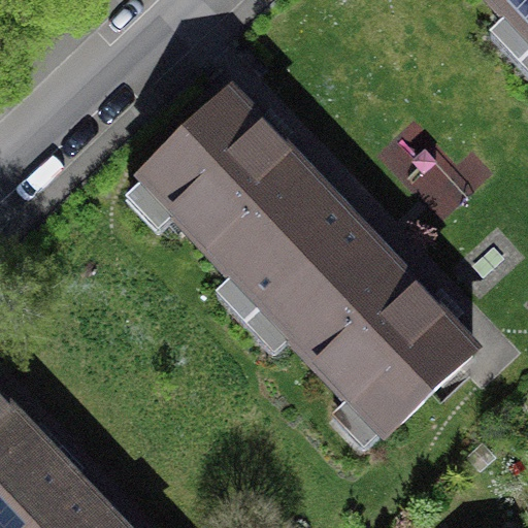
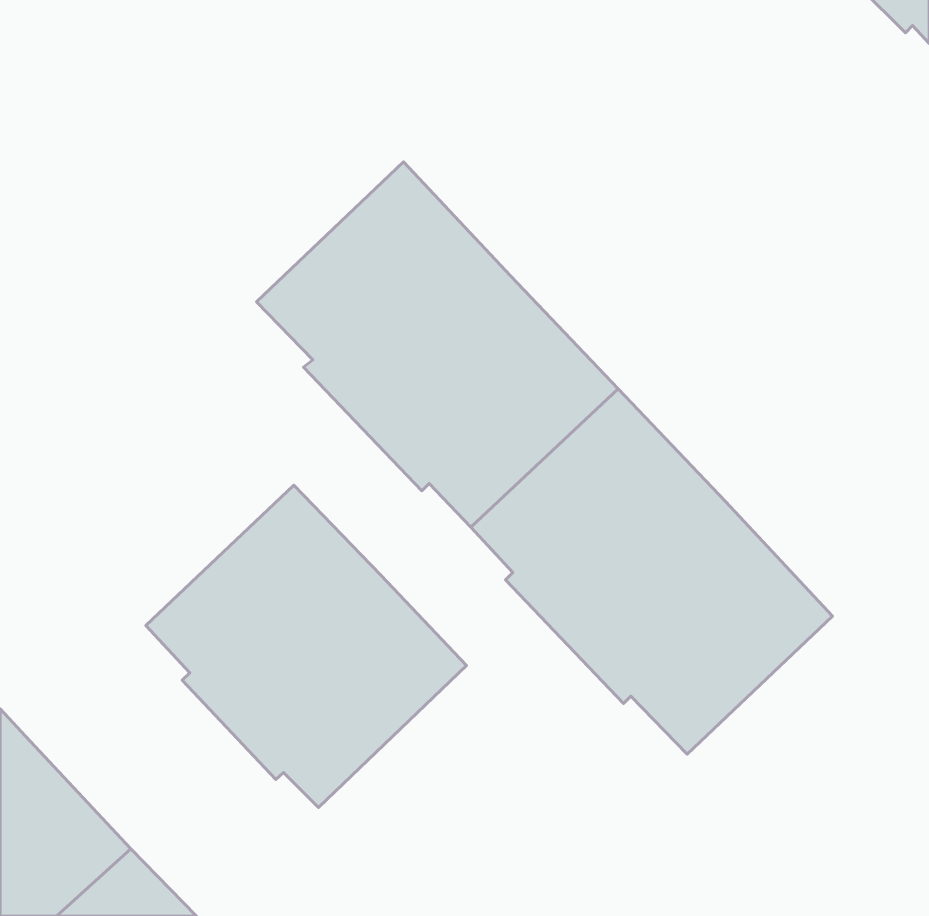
building: none -> [146,485,467,808]

